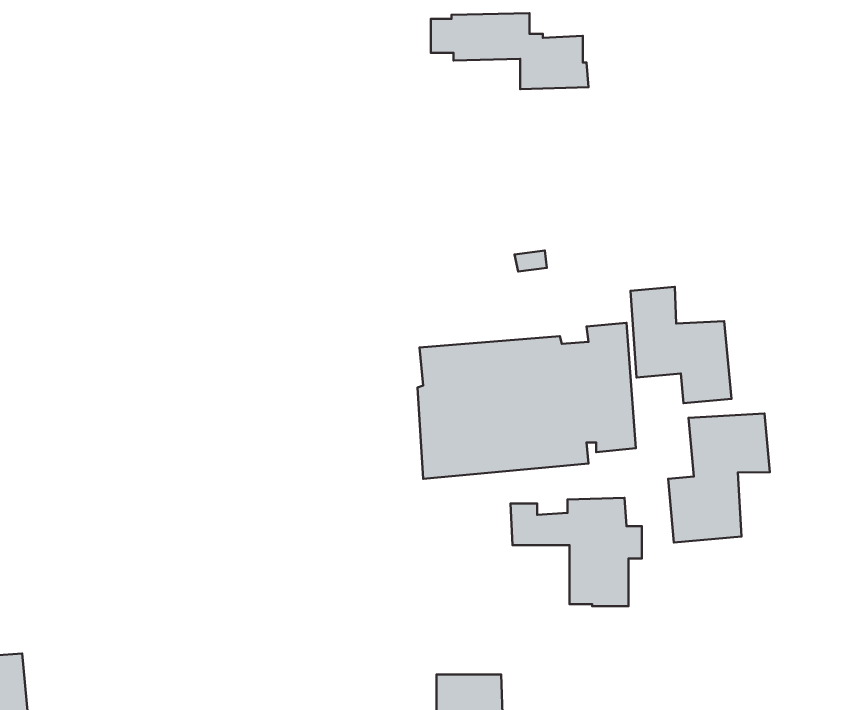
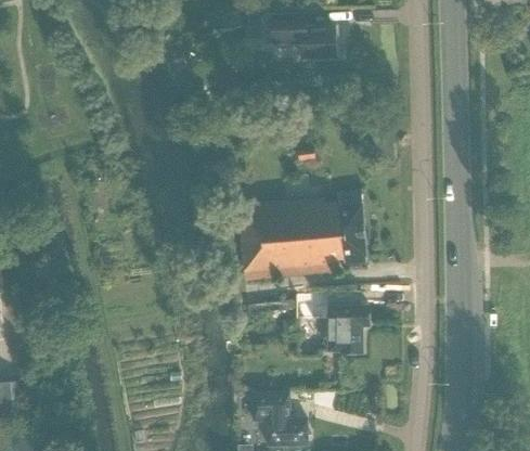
building: [631,287,731,403] -> none
building: [668,413,770,543] -> none

